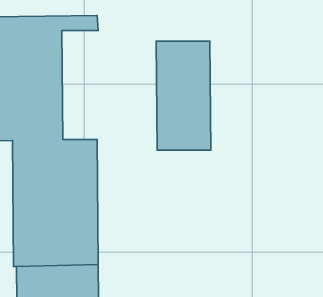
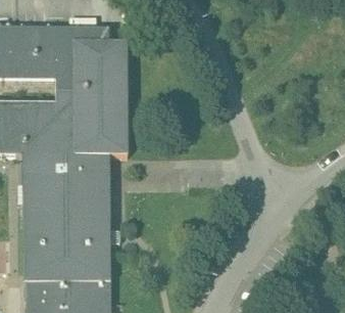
building: [156,41,211,150] -> [72,41,128,151]

